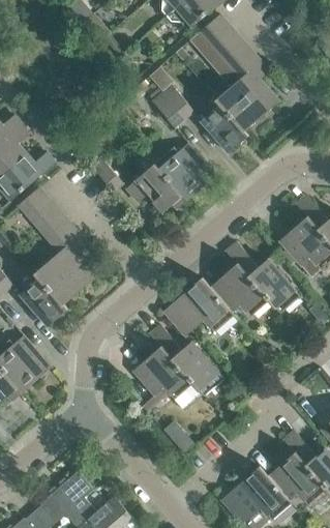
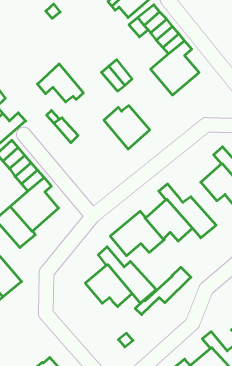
building: [196,96,247,151] -> none
building: [127,162,186,210] -> [37,64,83,102]
building: none -> [135,267,191,315]

